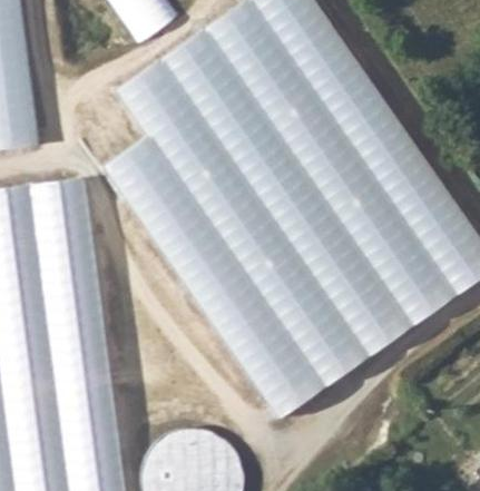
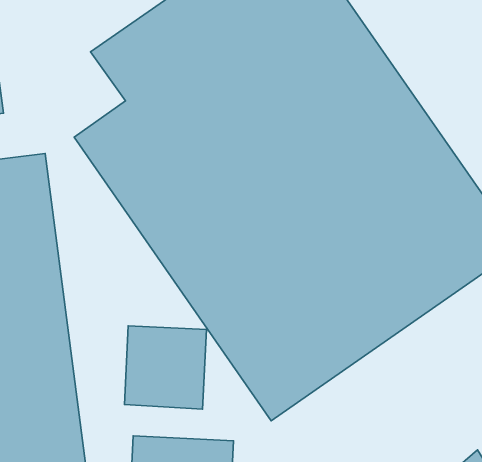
building: none -> [125,326,206,409]

